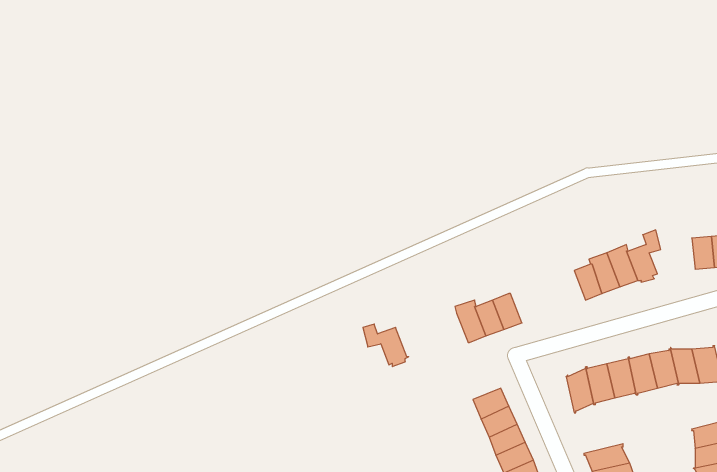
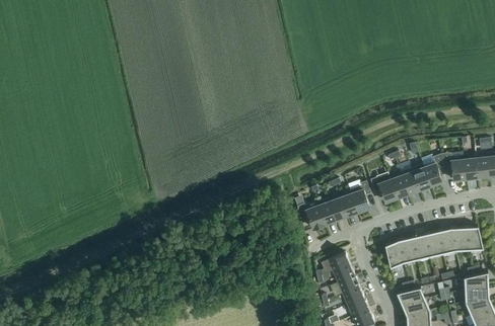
building: none -> [441,154,466,182]
building: none -> [370,174,398,203]
building: none -> [349,181,370,214]
building: [363,324,409,367] -> [297,205,326,231]

